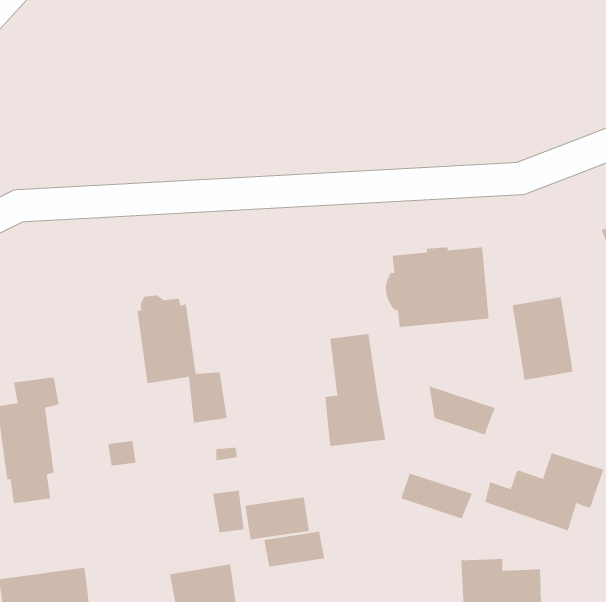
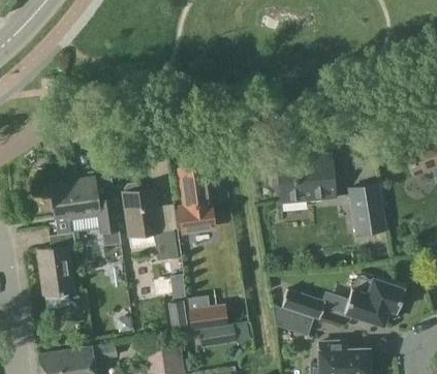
building: none -> [51,180,121,244]
building: [325,334,386,447] -> [177,166,214,235]
building: [429,386,495,435] -> [273,305,313,335]

